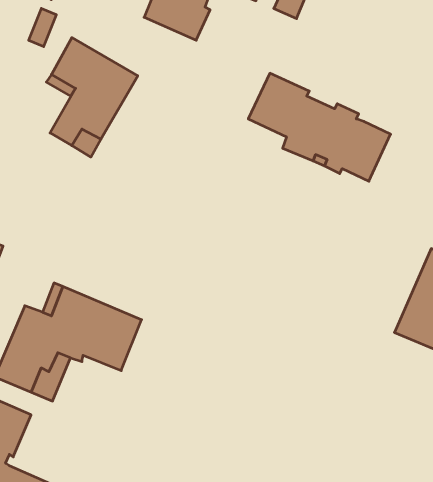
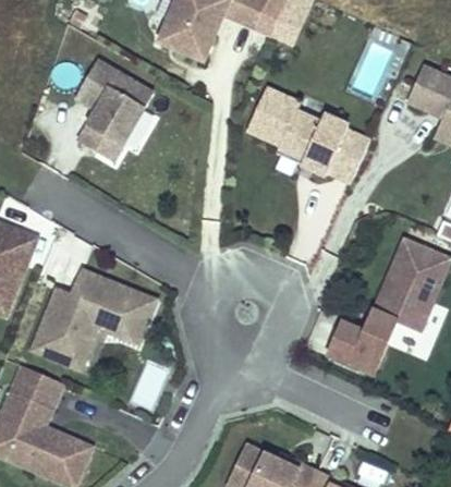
building: none -> [328,326,376,372]

